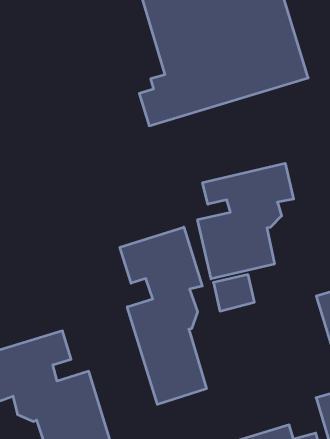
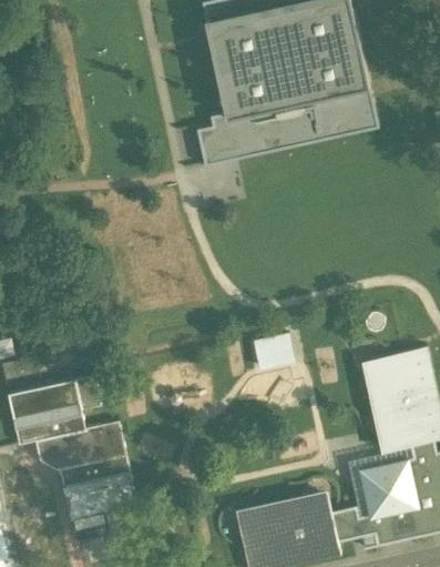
building: [198,163,294,279] -> none
building: [120,227,206,404] -> none

